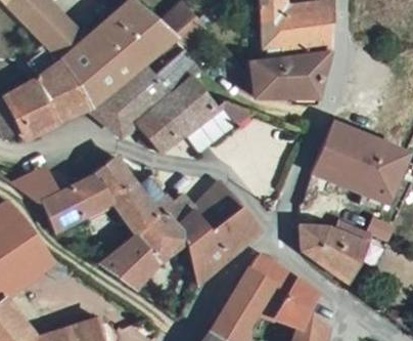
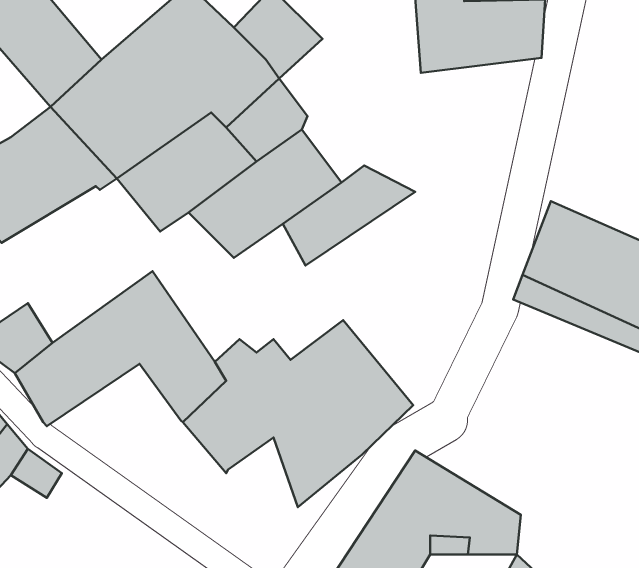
building: [248,46,325,99] -> none
building: [297,201,372,280] -> none
building: [98,237,155,294] -> none

